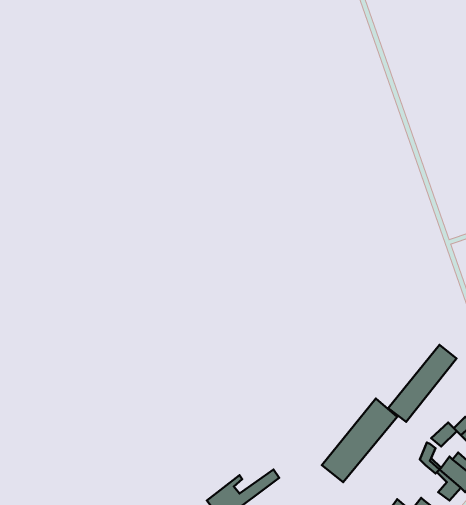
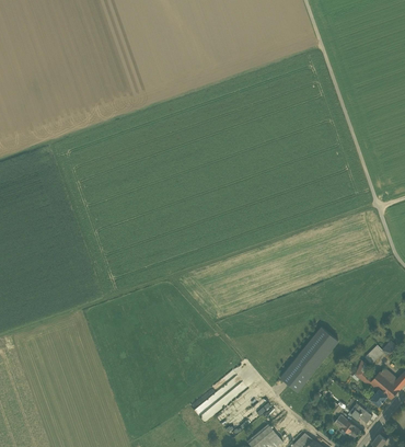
building: [388,345,456,422] -> none

